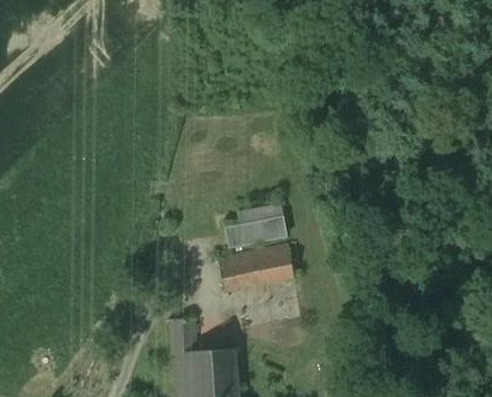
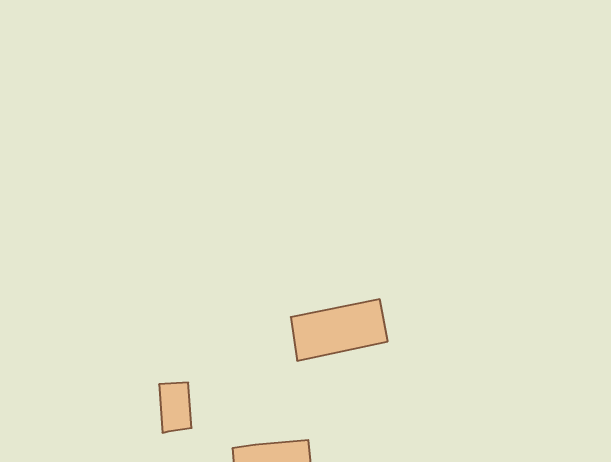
building: [225,217,285,247] -> none
building: [170,318,193,355] -> [159,383,192,433]

